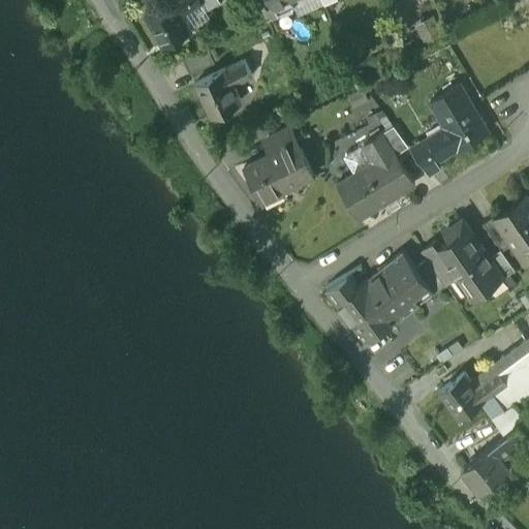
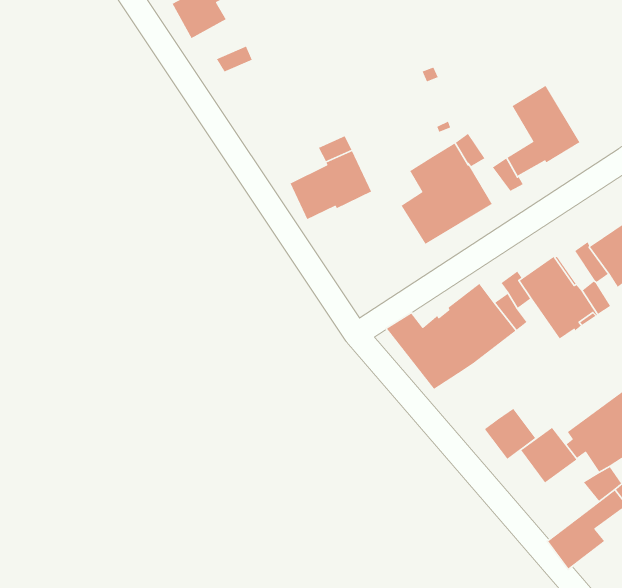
building: [195,64,252,118] -> none
building: none -> [484,408,536,460]

